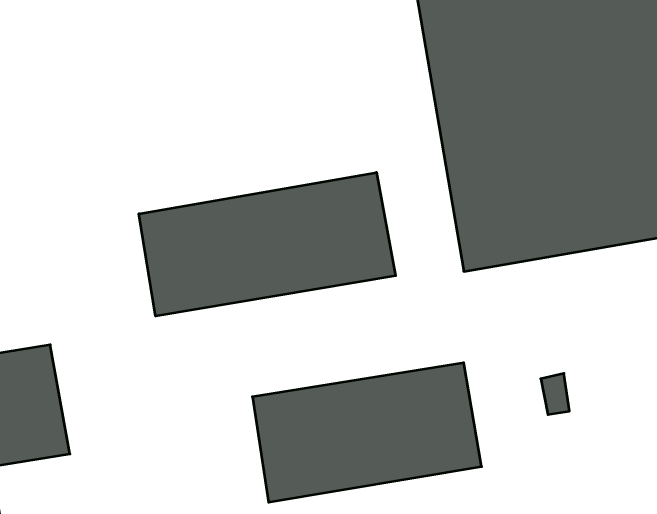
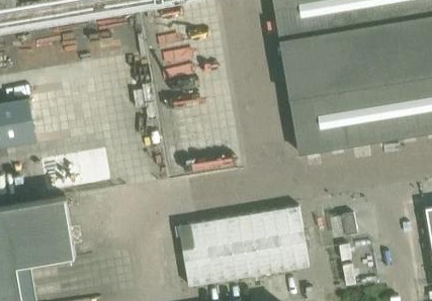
building: [139,172,396,316] -> none

